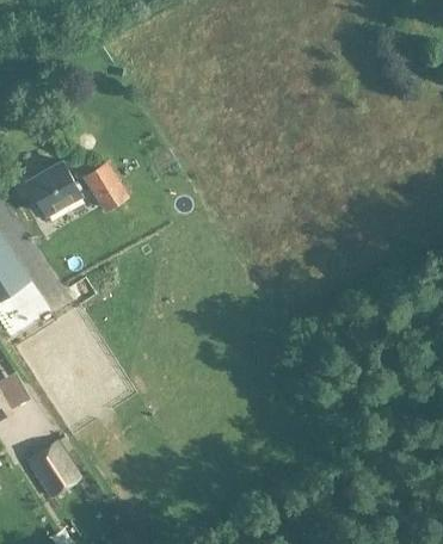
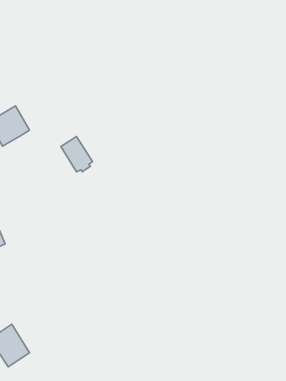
building: [85,165,125,210] -> [61,136,92,172]

